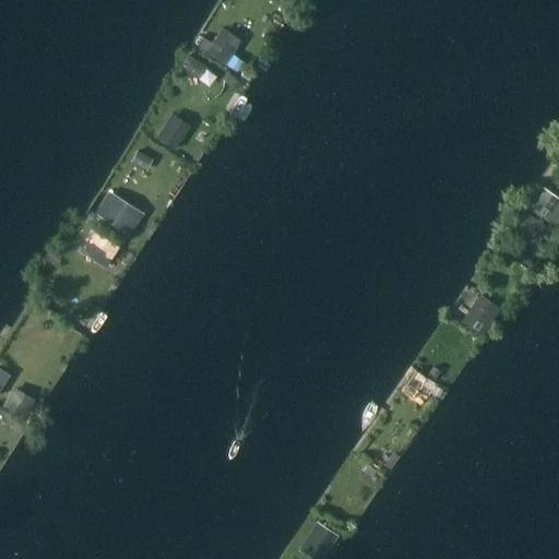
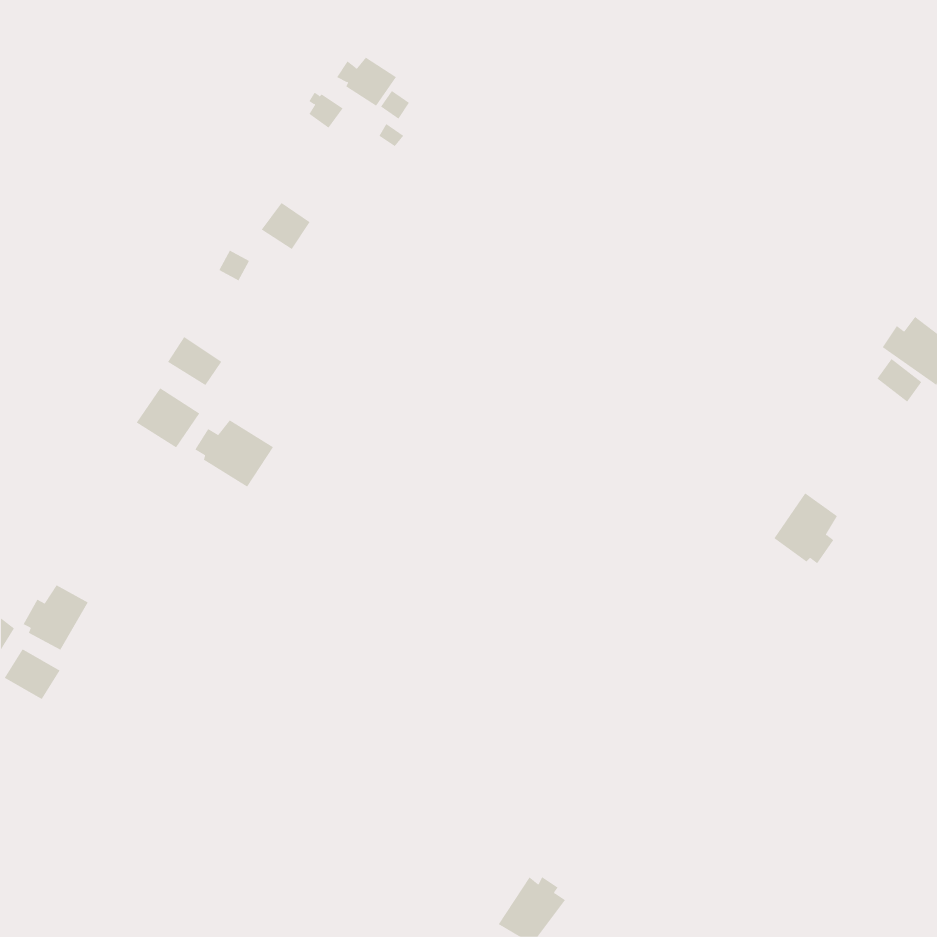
building: none -> [194,419,274,487]
building: none -> [23,585,89,651]

